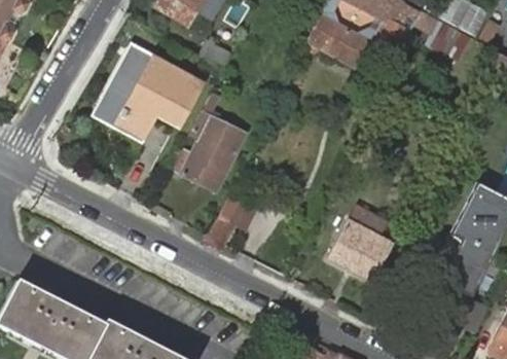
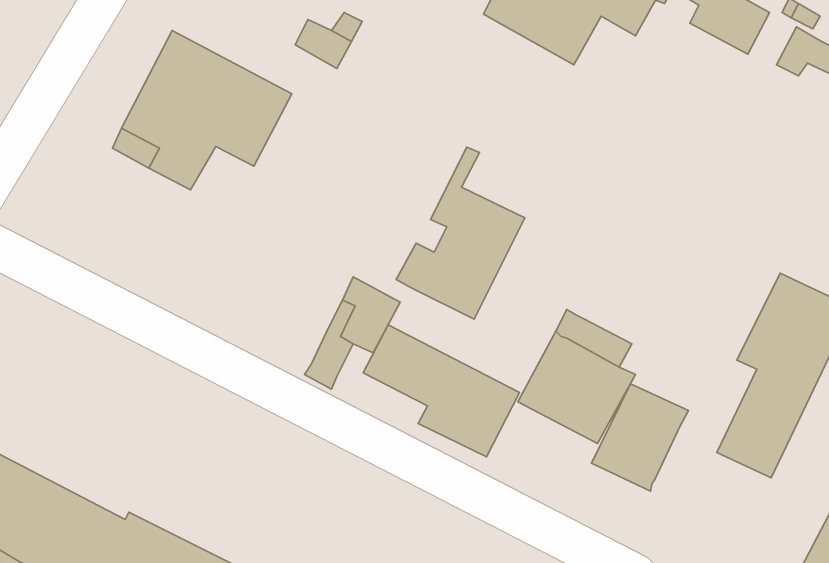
building: [173,93,246,190] -> [396,147,525,319]
building: none -> [363,325,520,457]
building: none -> [591,384,689,491]

